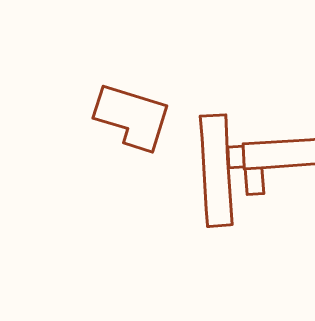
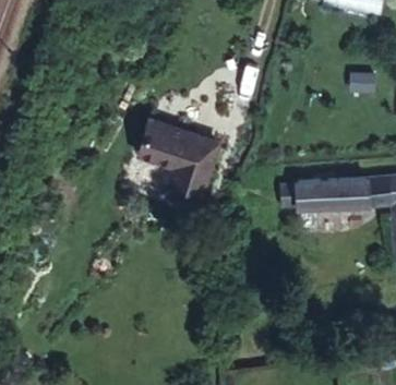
building: [200,115,232,227] -> none

